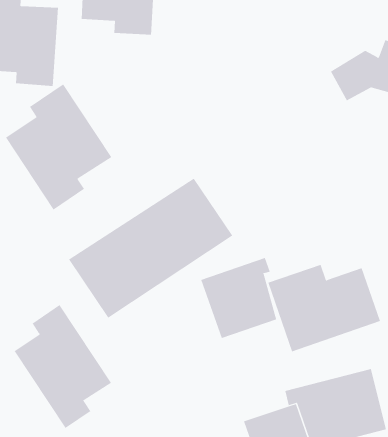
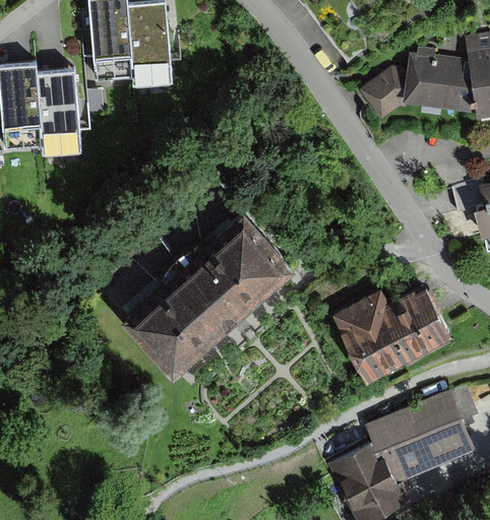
building: [5,84,112,210] -> none
building: [201,257,277,339] -> none
building: [14,304,112,429] -> none

